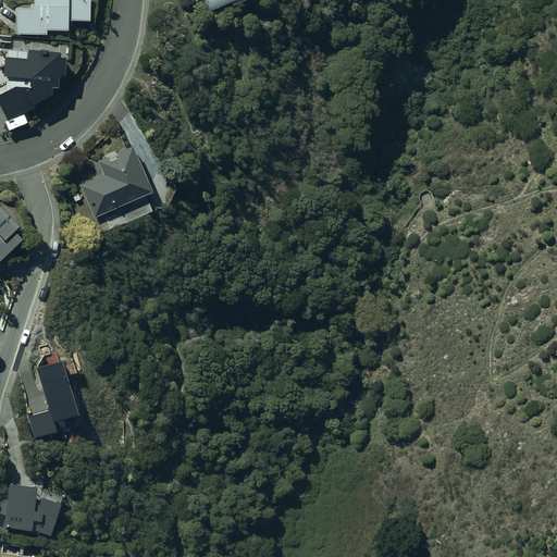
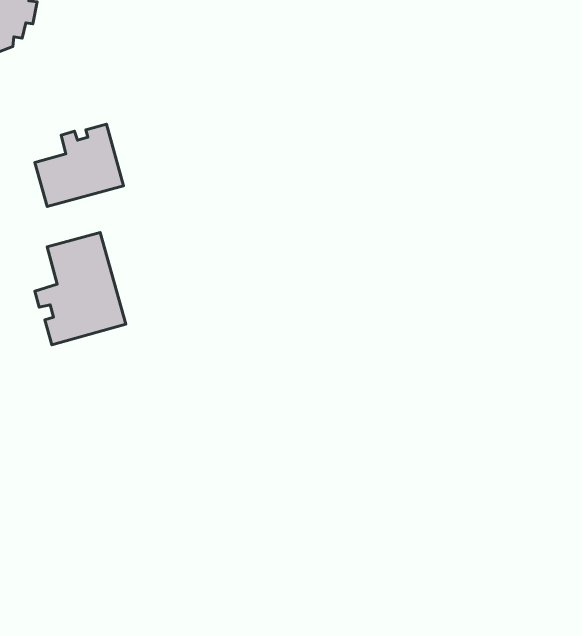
building: none -> [35,232,126,345]

